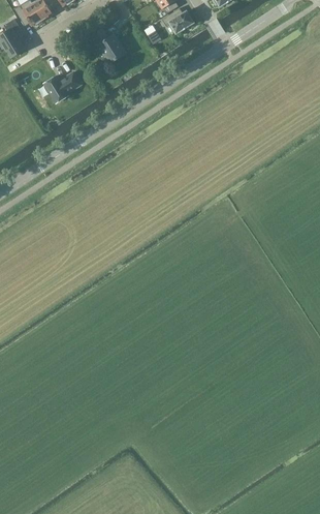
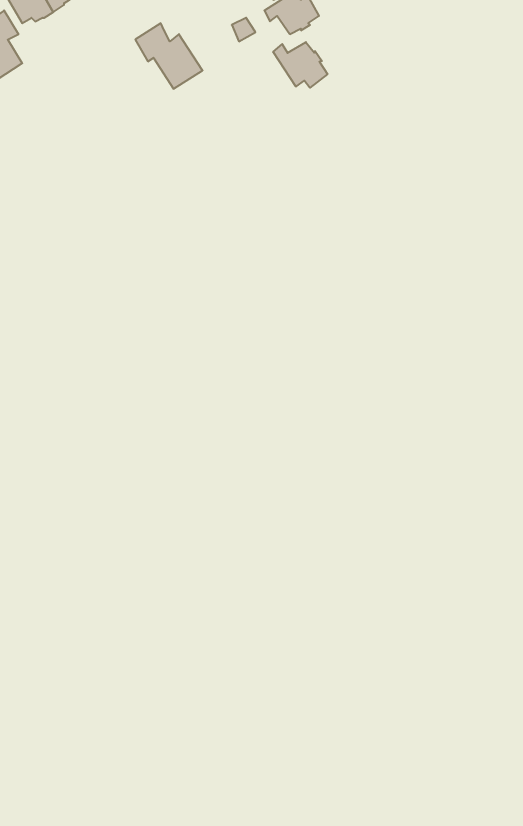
building: none -> [273,42,327,88]
building: [44,70,82,101] -> none

